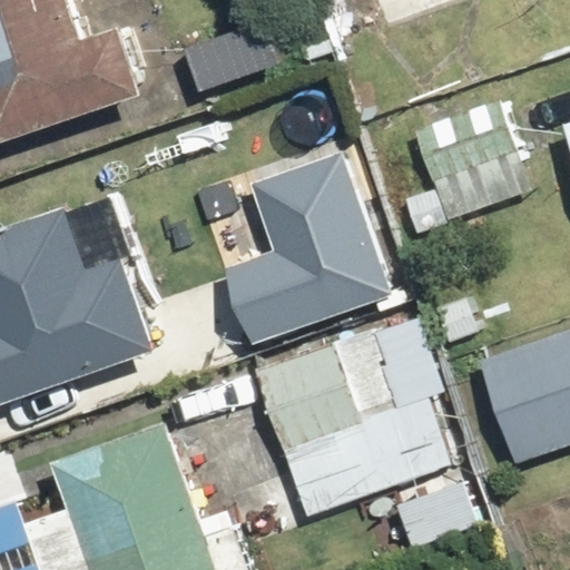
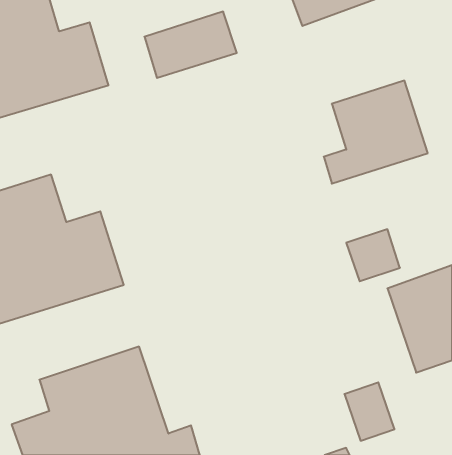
building: [222,154,389,332] -> none
building: [253,334,459,518] -> none

